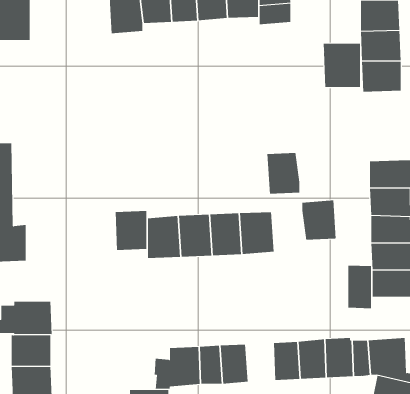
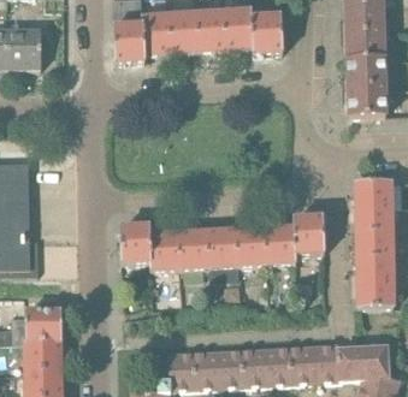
building: [323,43,361,88] -> none
building: [266,152,300,194] -> [265,226,296,265]
building: [348,265,371,309] -> none
building: none -> [241,349,267,385]

